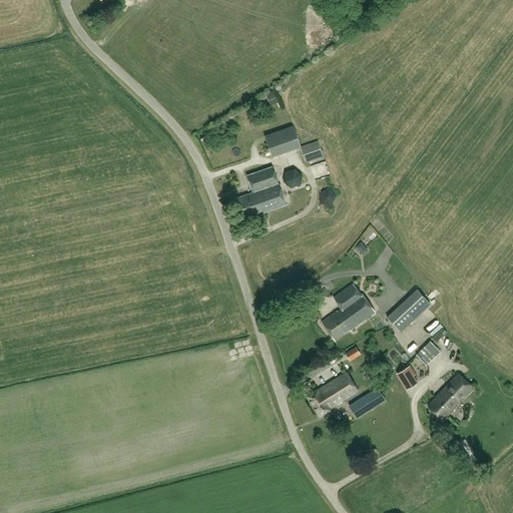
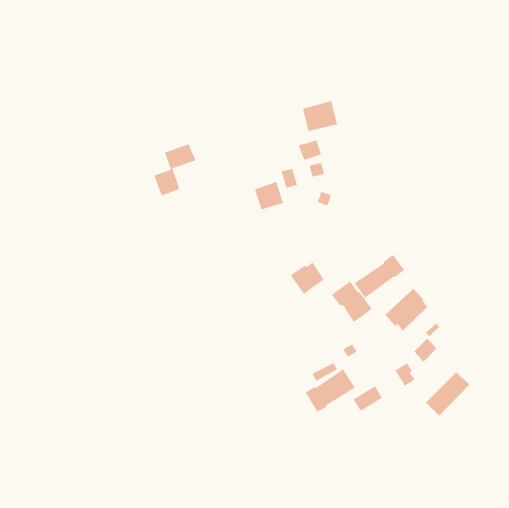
building: [265,127,301,158] -> [302,101,338,131]
building: [235,165,279,218] -> [153,143,196,196]
building: none -> [354,254,405,299]
building: [321,308,356,340] -> [290,263,325,294]

